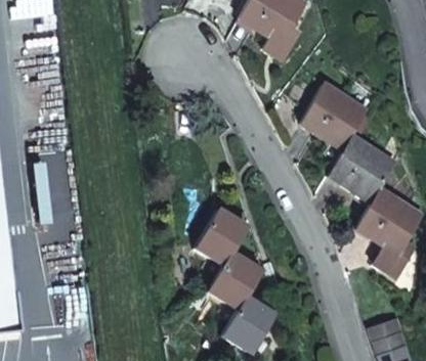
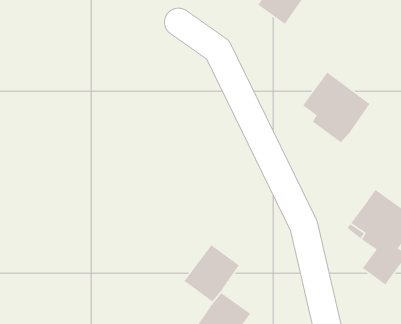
building: [331,137,395,201] -> none
building: [196,209,247,264] -> none

